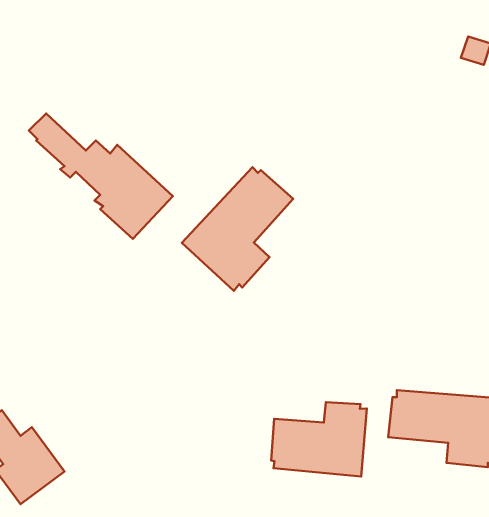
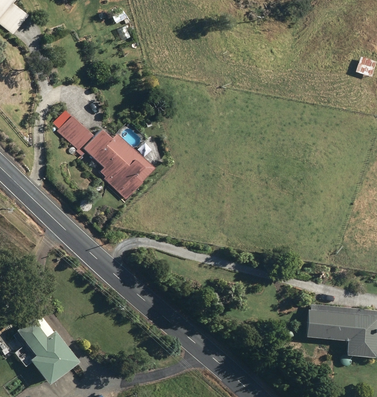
building: [182,167,293,291] -> none
building: [271,402,367,477] -> none

